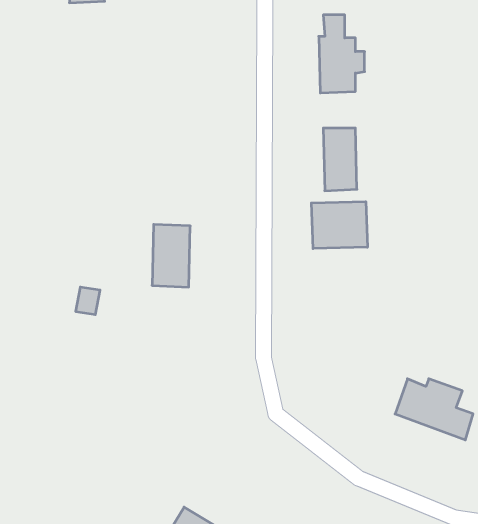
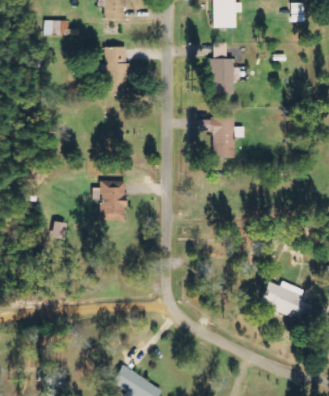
building: none -> [104,47,127,93]
building: [311,202,367,249] -> none

